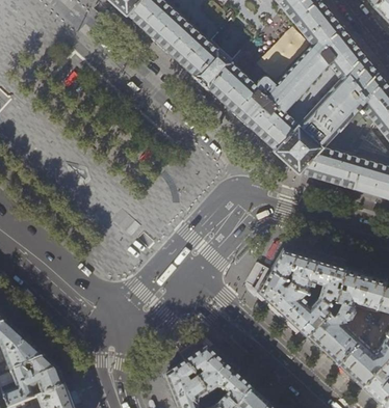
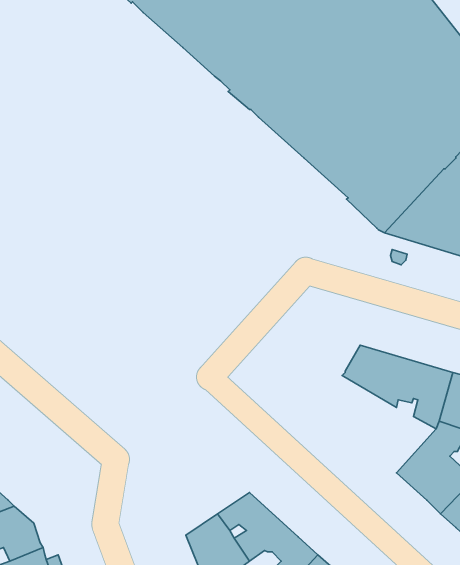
building: [258,270,335,336] -> none

